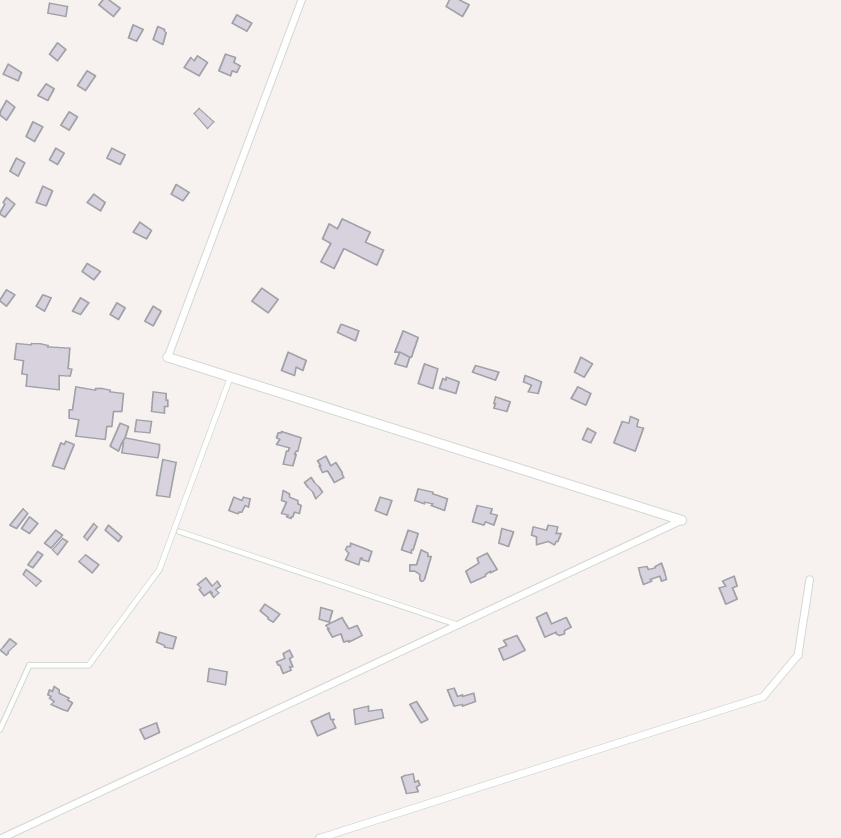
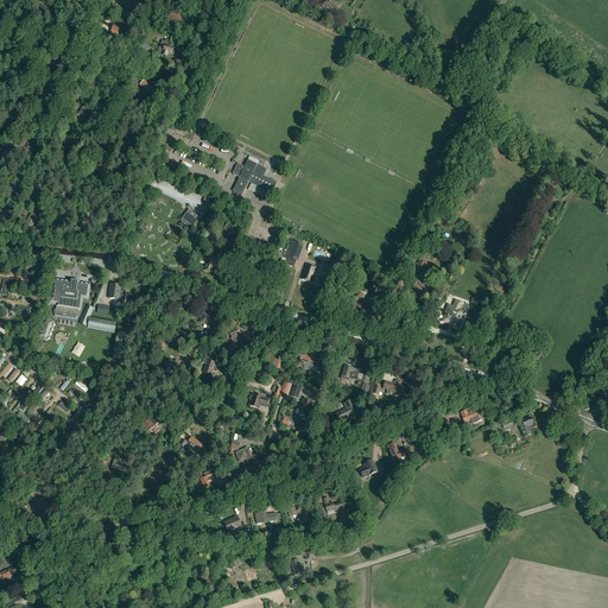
building: [14,344,72,390] -> none

